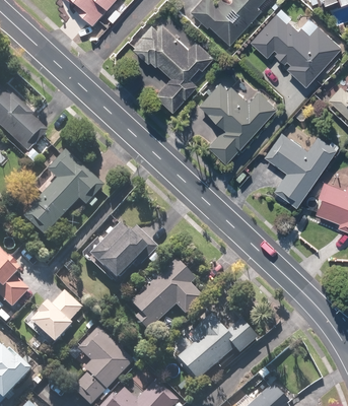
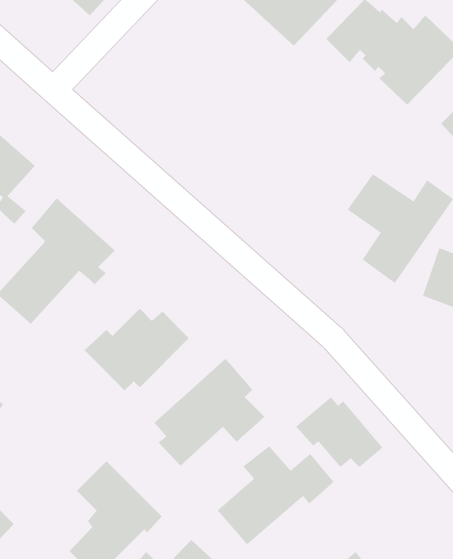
building: [129,21,211,113] -> none
building: [183,81,273,165] -> none
building: none -> [295,396,383,468]
building: [36,289,88,341] -> none

